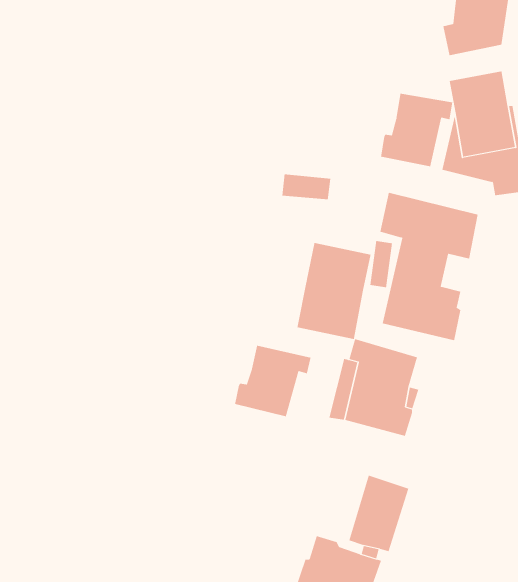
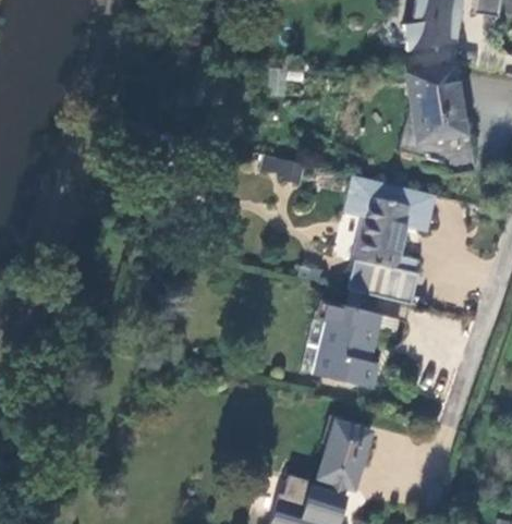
building: [381,93,453,167] -> none
building: [297,242,371,340] -> none
building: [235,345,311,417] -> none

